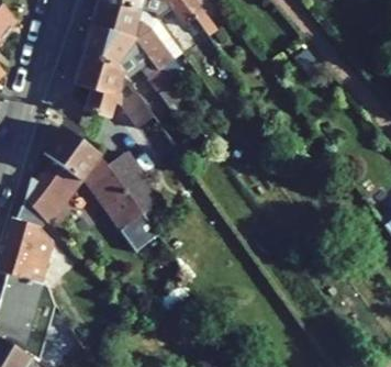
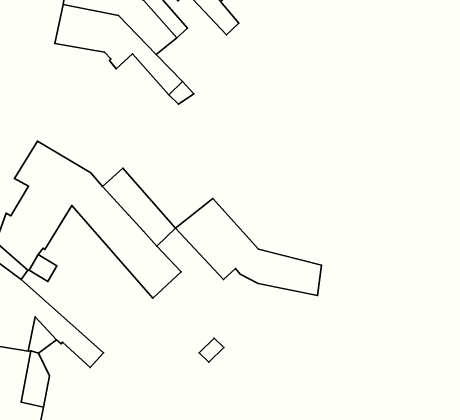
building: [75,56,155,129] -> none
building: none -> [176,199,322,296]

